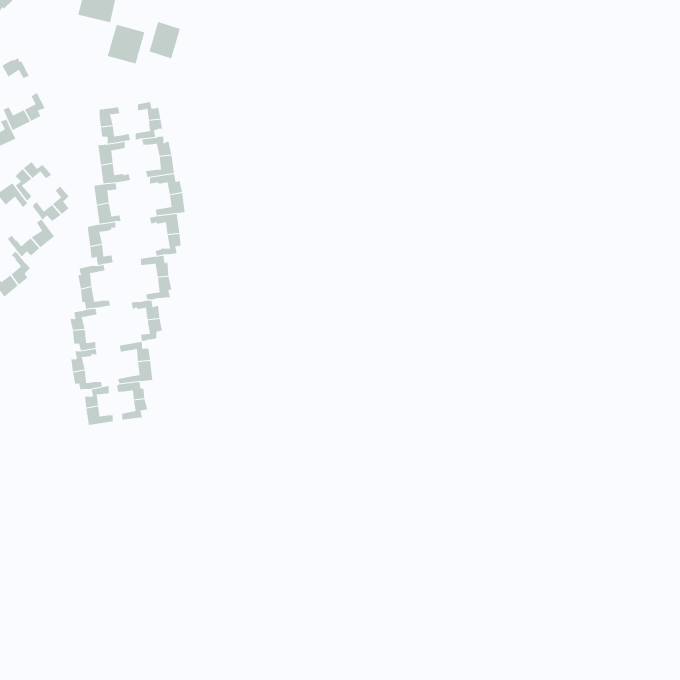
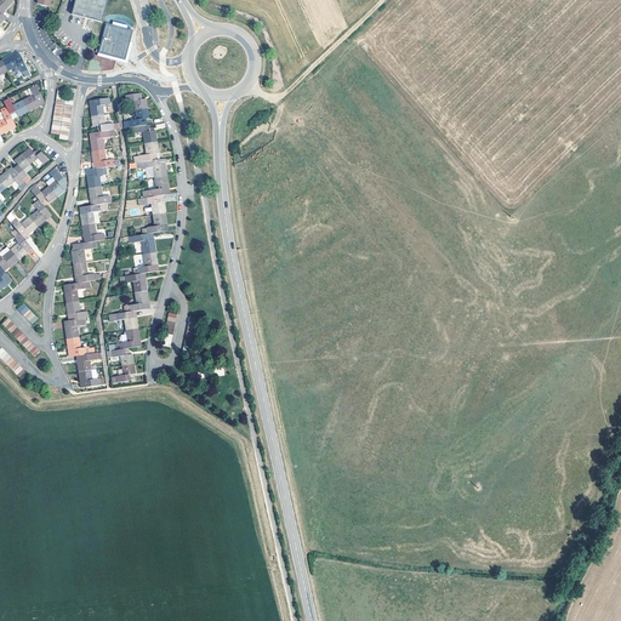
building: [149,21,181,59] -> none

